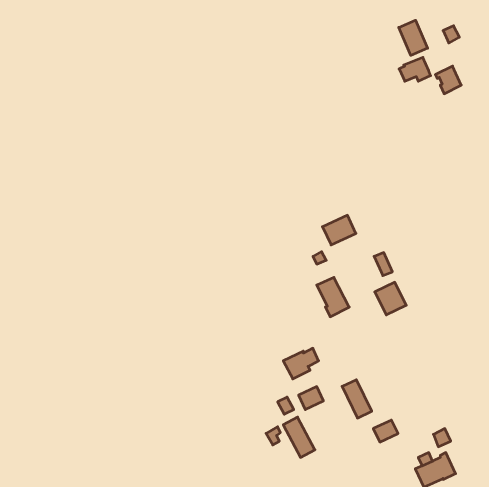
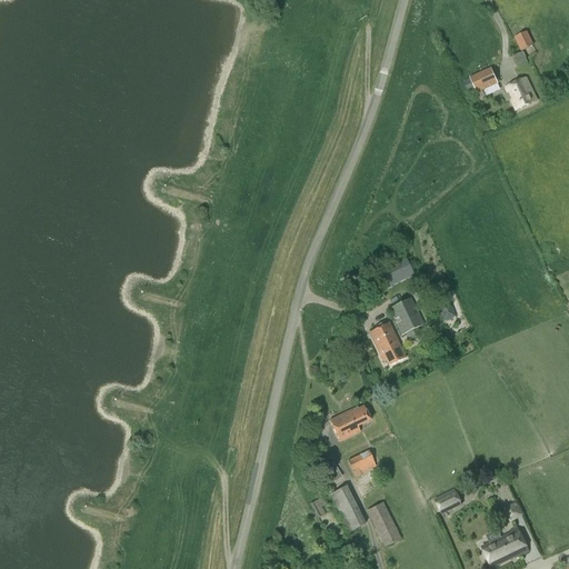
building: [399,20,428,55] -> none
building: [375,282,406,315] -> [388,297,425,335]
building: [342,380,372,418] -> [367,501,401,546]

